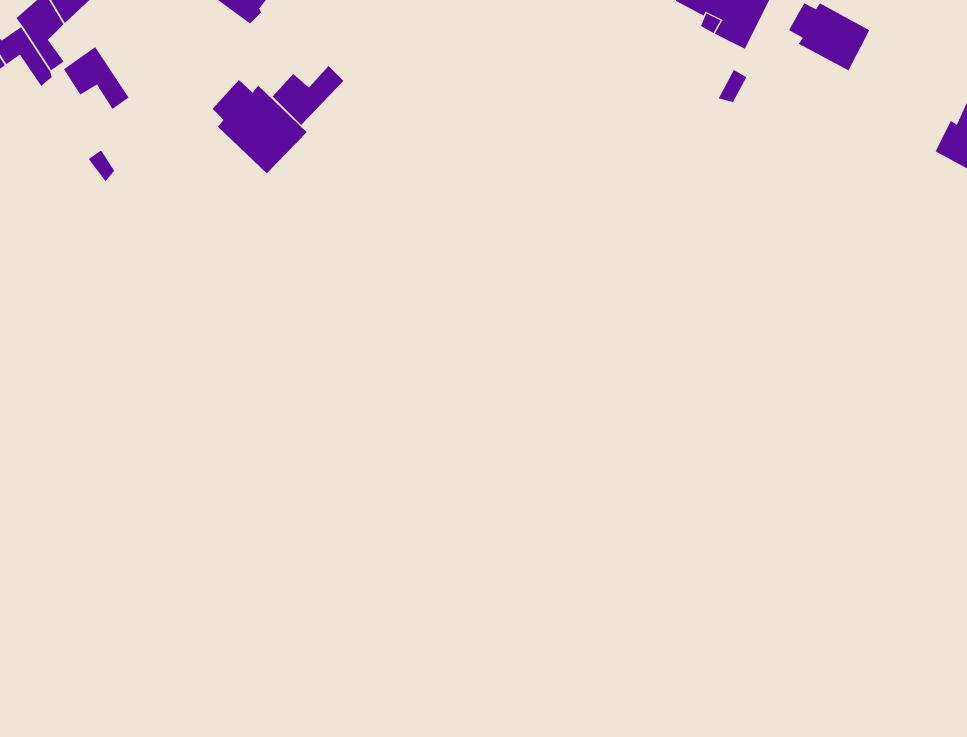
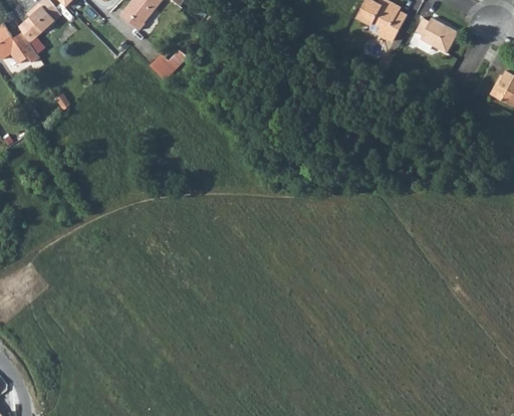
building: [63,46,130,110] -> none
building: [212,79,308,174] -> none

